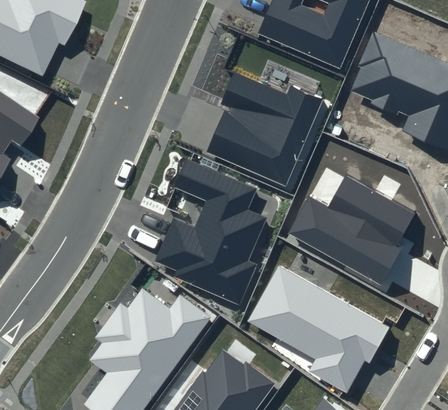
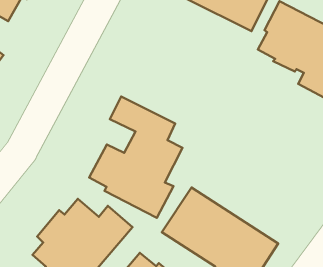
building: [207,72,323,185] -> none
building: [289,175,415,285] -> none

